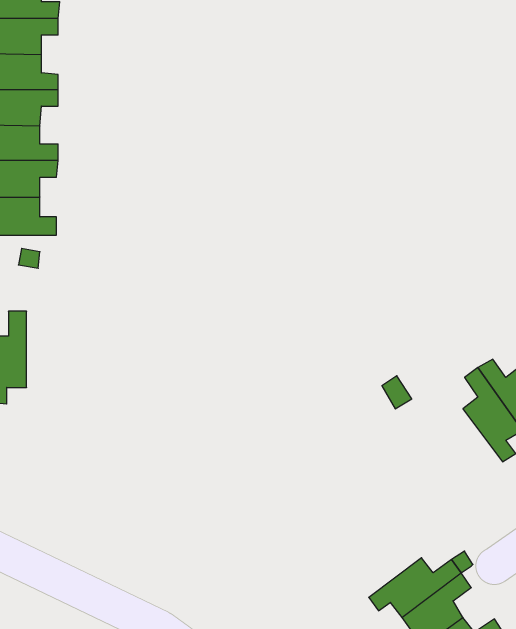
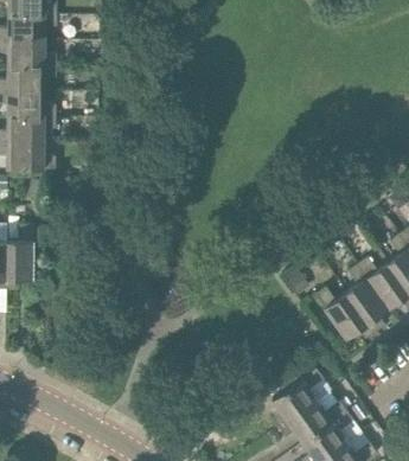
building: none -> [314,288,375,339]
building: none -> [271,370,322,429]

